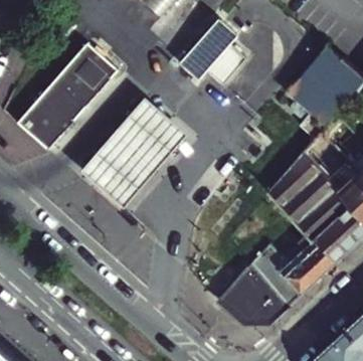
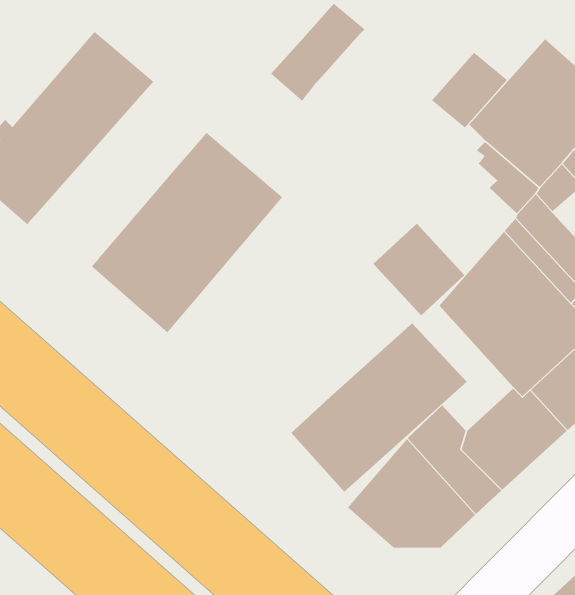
building: [205,44,246,85] -> [431,52,508,129]
building: none -> [373,223,465,316]
building: none -> [290,322,468,493]

